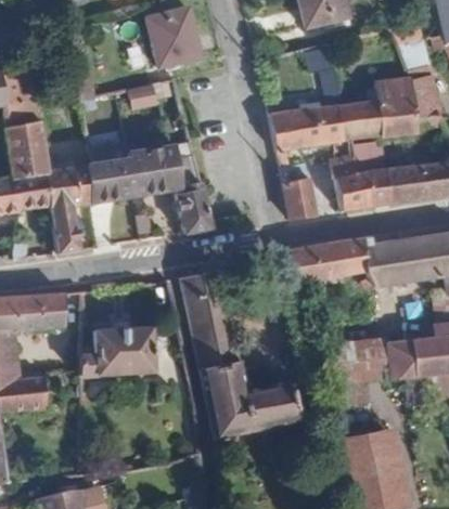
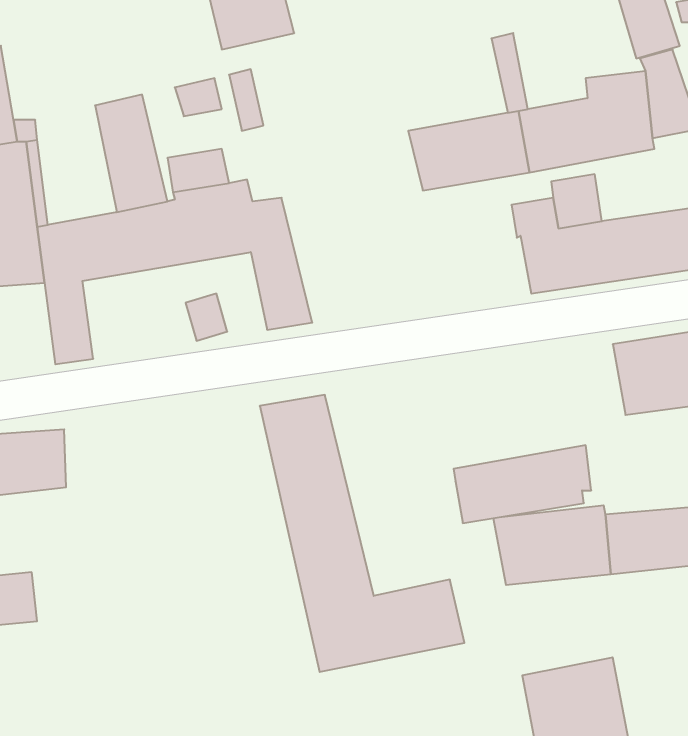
building: [284,179,316,220] -> none
building: [290,238,372,285] -> [454,445,591,523]
building: [80,330,152,376] -> none

